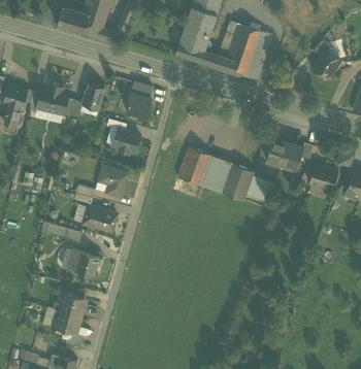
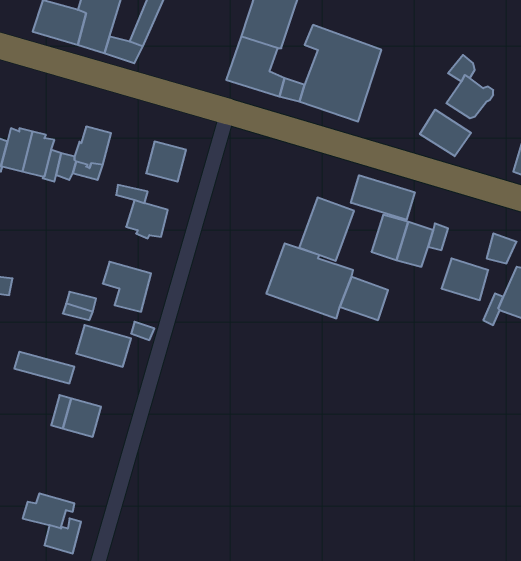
building: none -> [420,110,471,156]
building: none -> [351,175,415,220]
building: [177,146,211,186] -> [299,198,354,261]
building: [56,290,84,315] -> none

